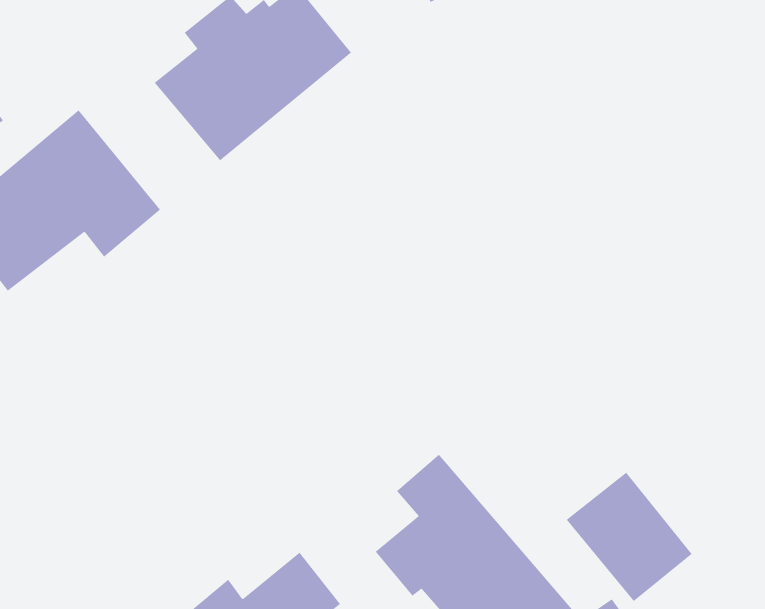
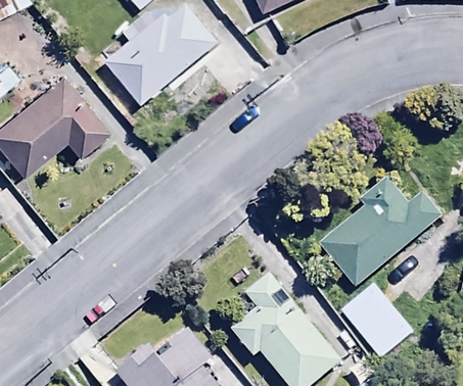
building: none -> [319,178,444,287]

